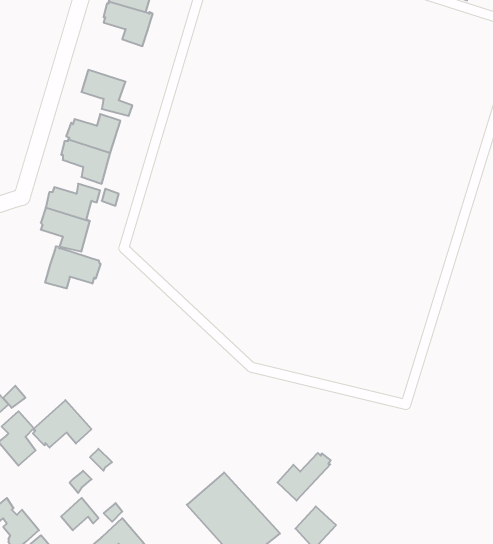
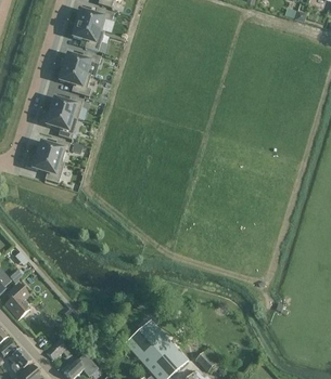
building: none -> [63,51,101,74]
building: [45,246,101,288] -> none
building: [33,400,91,448] -> none
building: [277,453,331,501] -> none

